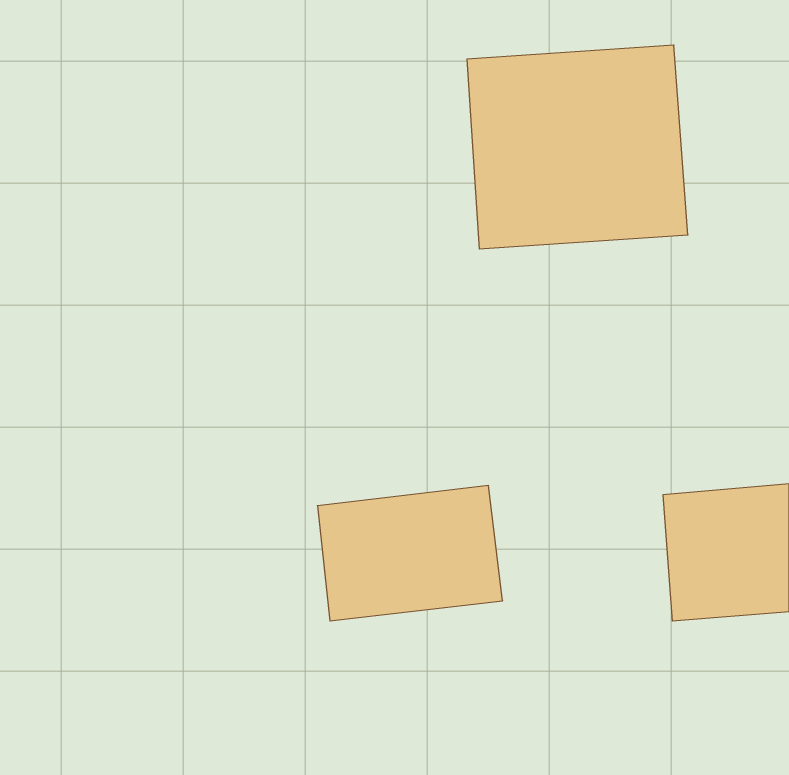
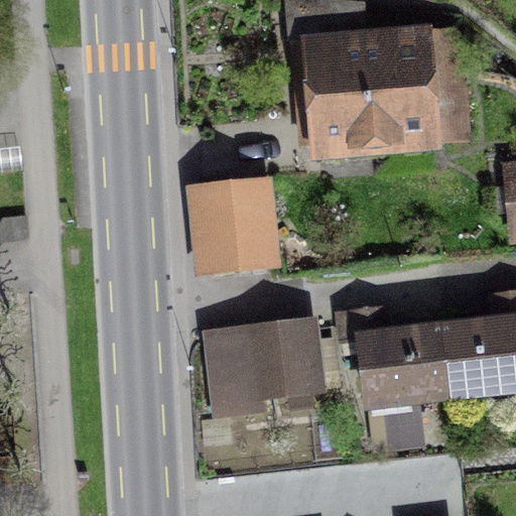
building: none -> [188,180,281,273]
building: none -> [358,320,435,407]

